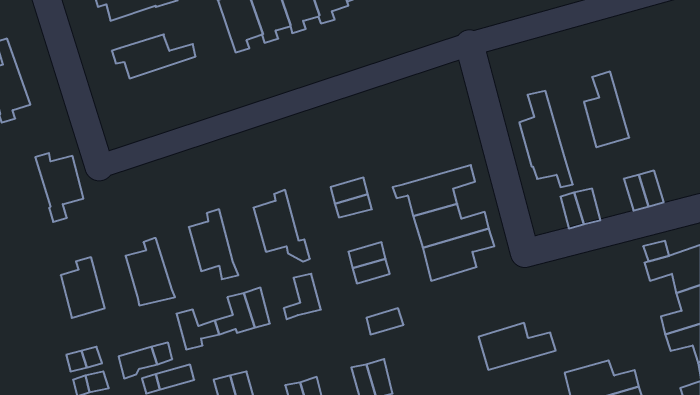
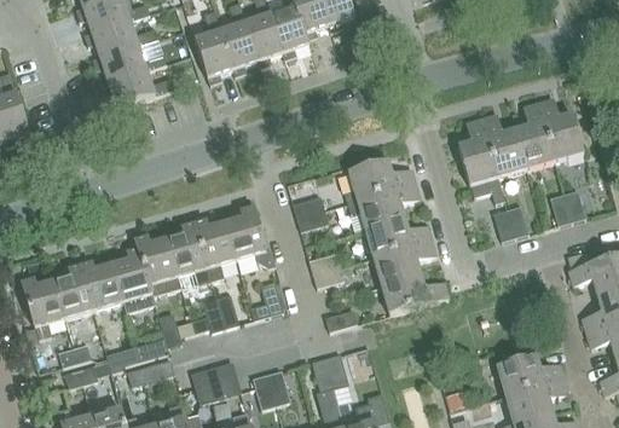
building: none -> [92,44,167,81]
building: none -> [538,98,584,160]
building: none -> [481,114,526,177]
building: none -> [345,161,416,203]
building: [35,153,83,222] -> [23,278,65,339]
building: none -> [195,219,236,280]
building: none -> [135,236,183,294]
building: none -> [82,261,123,310]
building: [479,323,556,370] -> [381,273,449,314]

